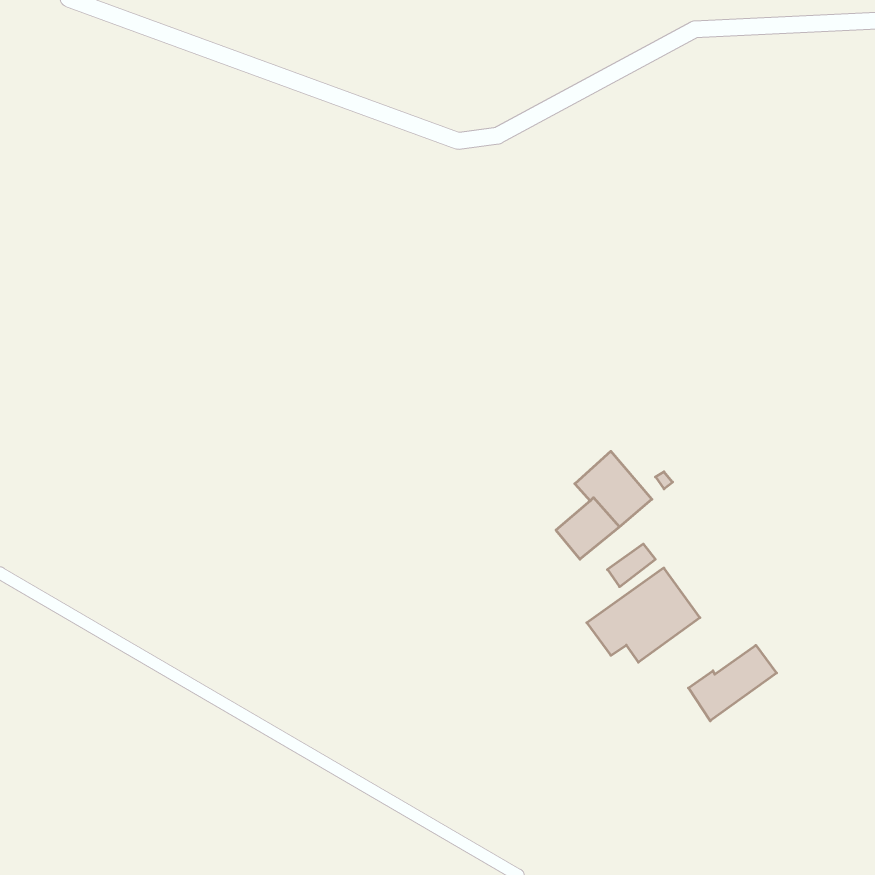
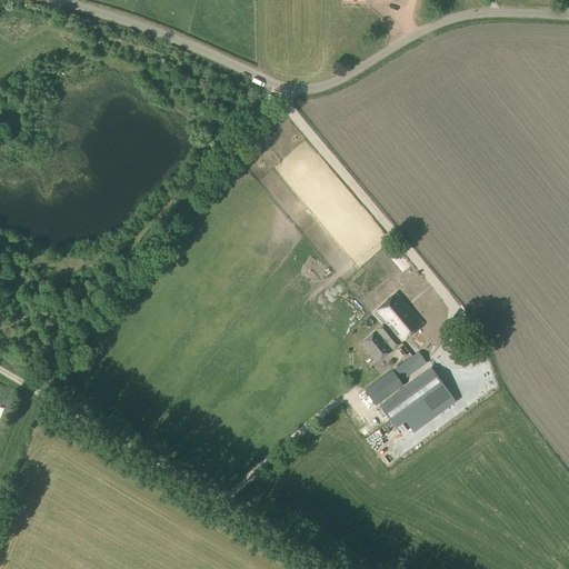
building: none -> [366,370,402,403]
building: [688,645,777,721] -> none

